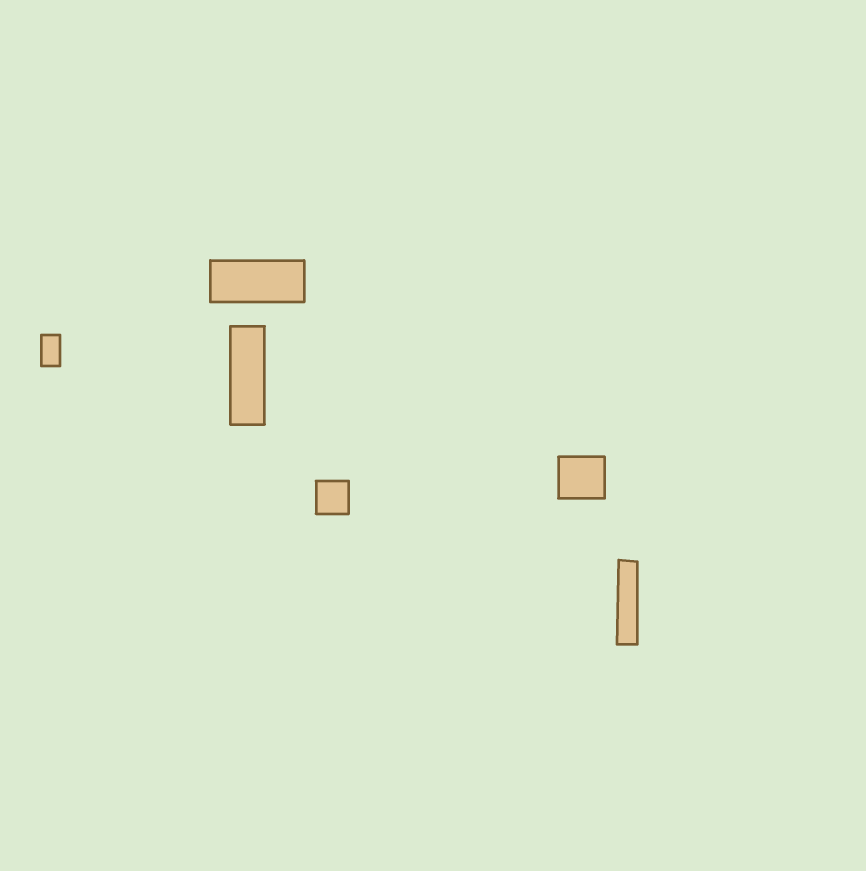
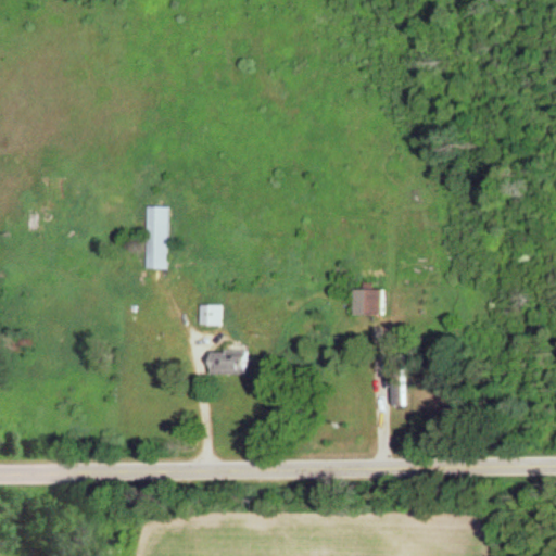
building: [210,260,304,302] -> none
building: none -> [211,351,245,375]

